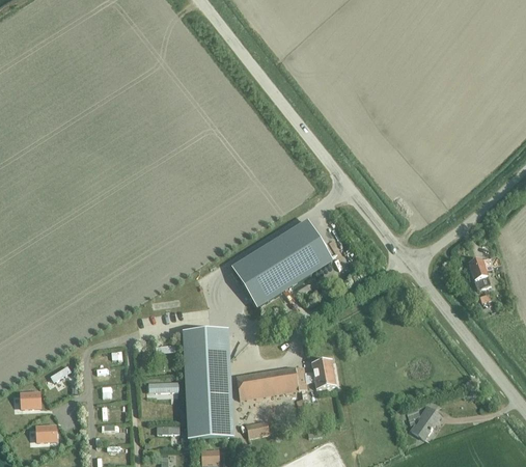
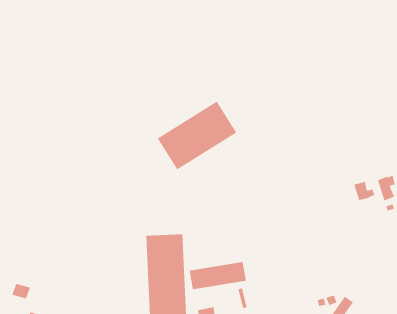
building: [232,219,332,305] -> [157,101,237,170]
building: none -> [354,181,375,201]
building: [311,358,335,386] -> none

